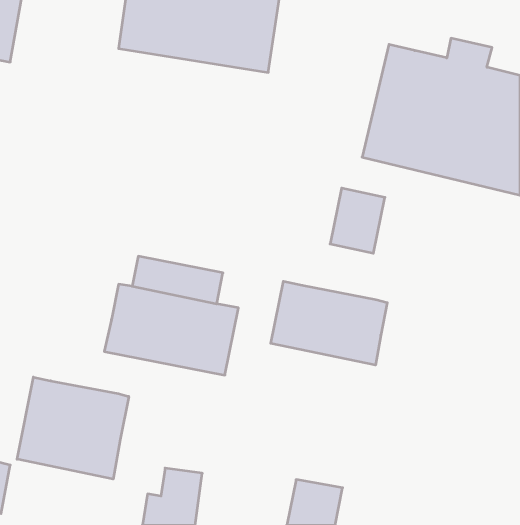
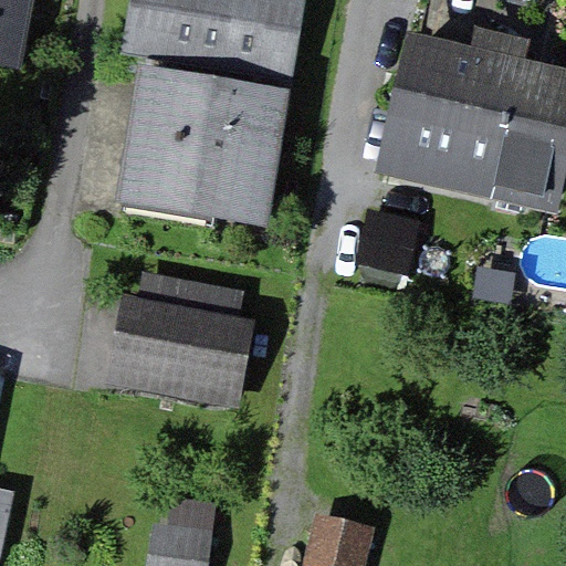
building: none -> [118,76,283,227]
building: [271,281,387,365] -> none
building: [17,377,129,479] -> none

